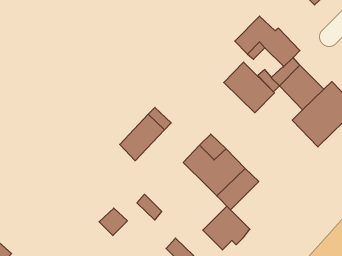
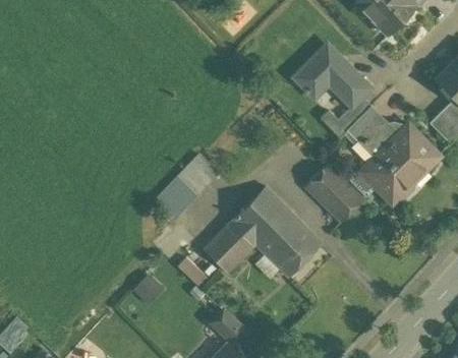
building: [224,62,274,113] -> [304,163,364,223]
building: [203,206,250,250] -> [204,221,260,273]

